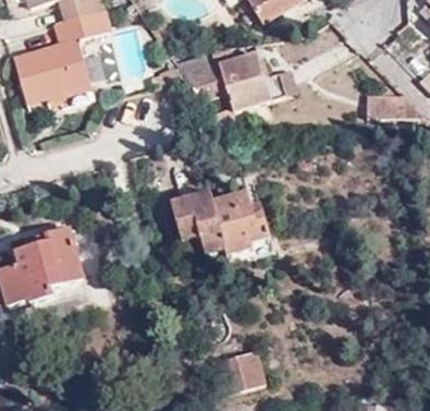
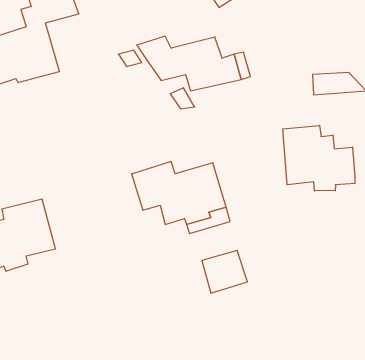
building: none -> [283,125,355,191]
building: [217,348,266,394] -> [202,250,247,293]

